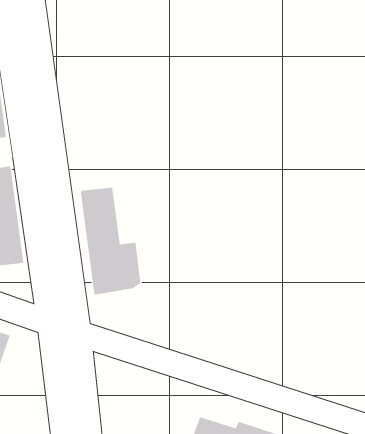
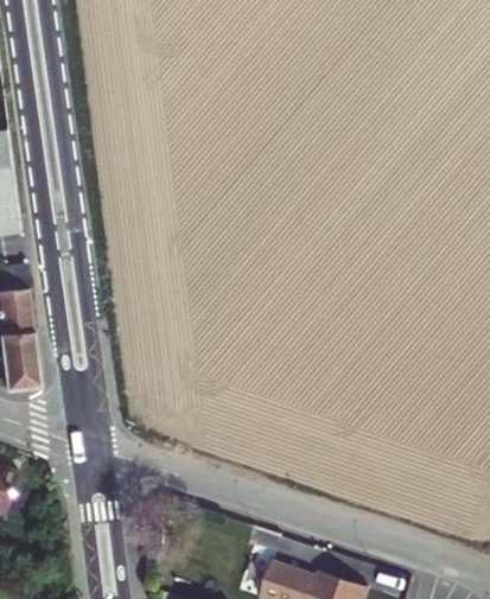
building: [81,187,141,295] -> none

